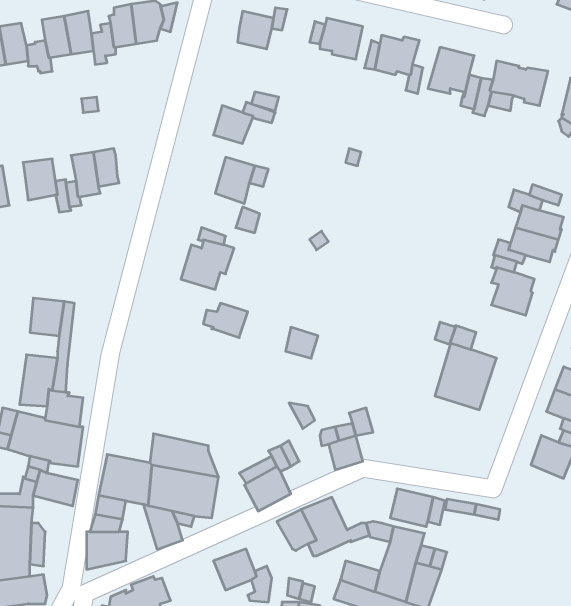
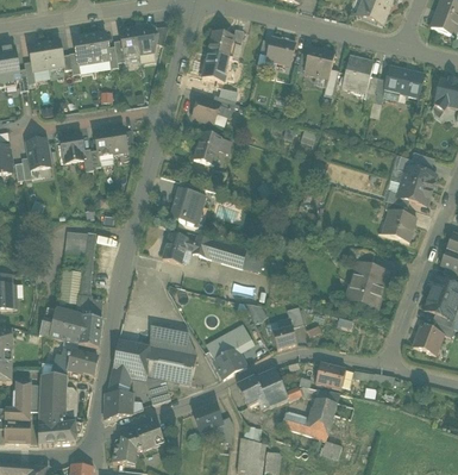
building: none -> [201,52,228,81]
building: none -> [162,232,187,262]
building: none -> [209,239,245,267]

